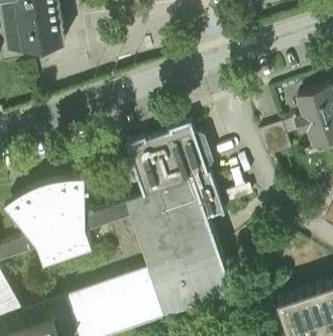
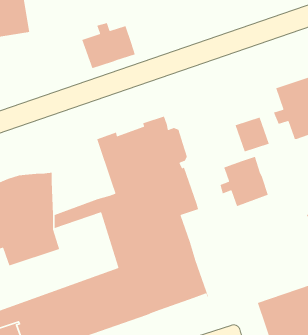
building: none -> [81,22,136,69]
building: none -> [219,156,269,207]

